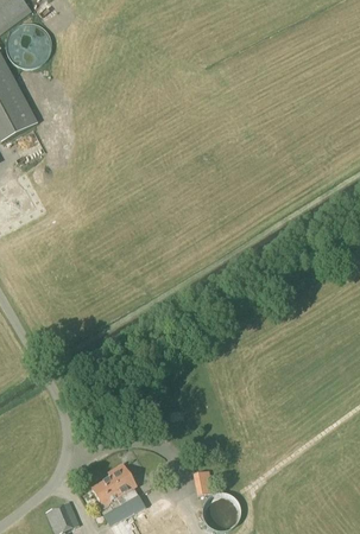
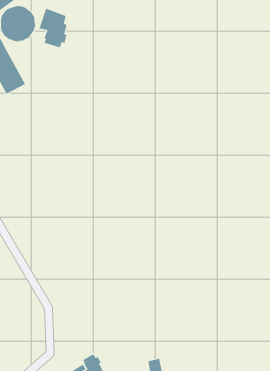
building: none -> [39,8,67,48]

